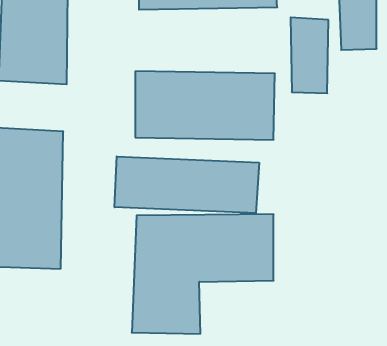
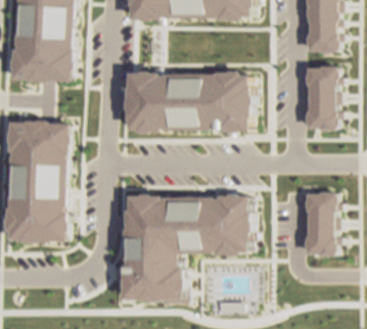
building: [291,17,328,93] -> [305,65,337,131]
building: [115,156,259,213] -> none
building: none -> [305,191,334,254]

